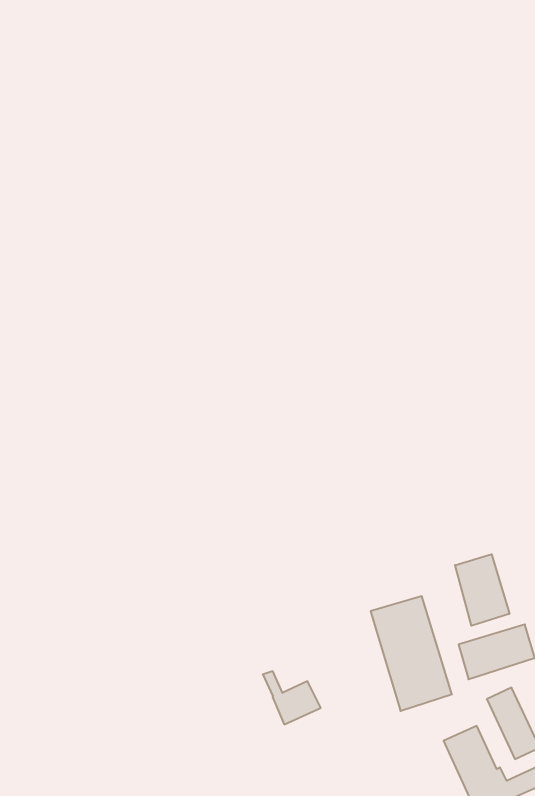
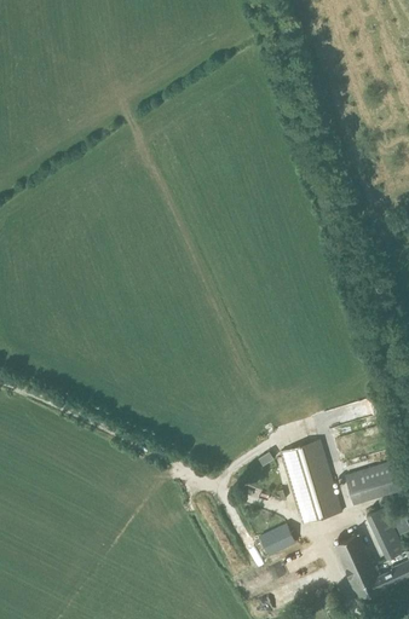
building: [455,554,509,626] -> none
building: [263,671,321,724] -> [254,517,296,556]

